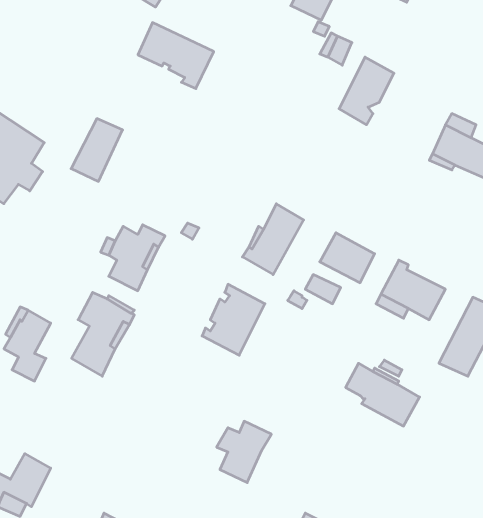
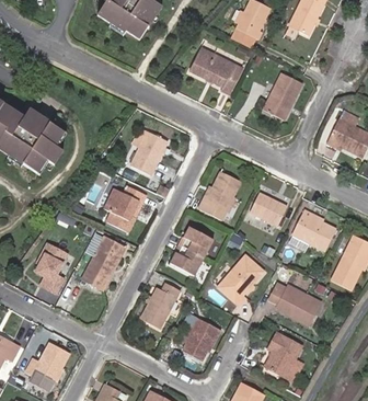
building: [138,23,214,89] -> [191,49,242,94]
building: [71,119,123,181] -> [131,133,166,175]
building: none -> [217,255,264,306]
building: none -> [141,283,181,328]
building: none -> [265,332,302,379]

